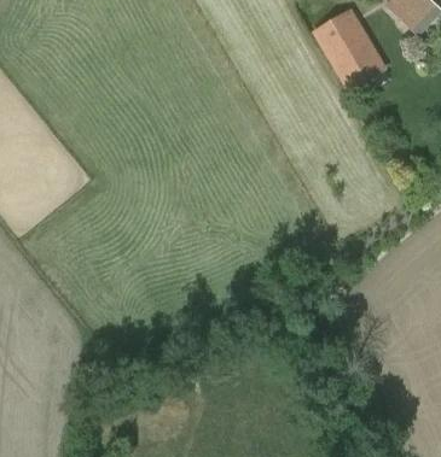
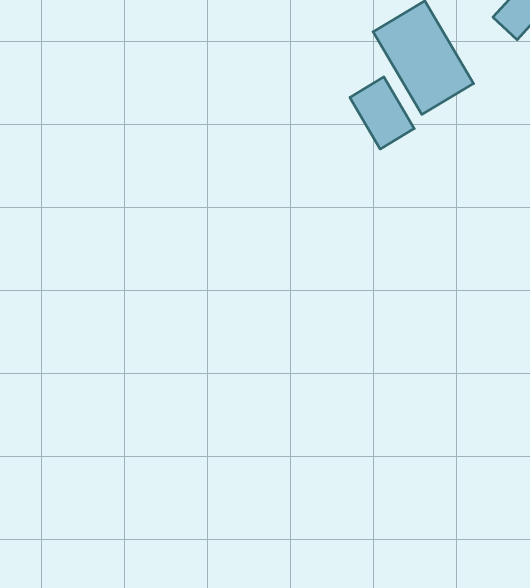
building: none -> [350,77,414,149]

